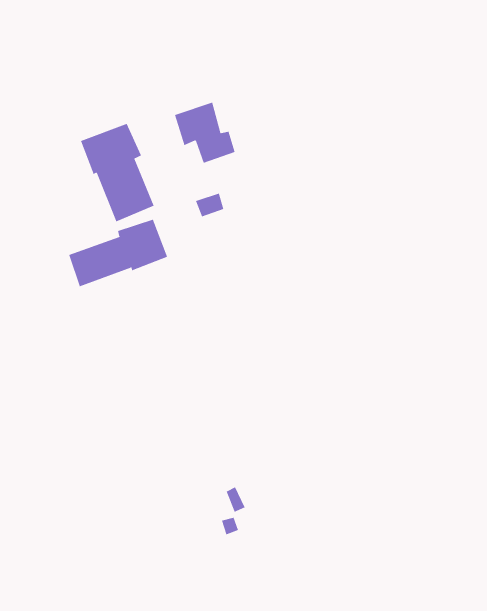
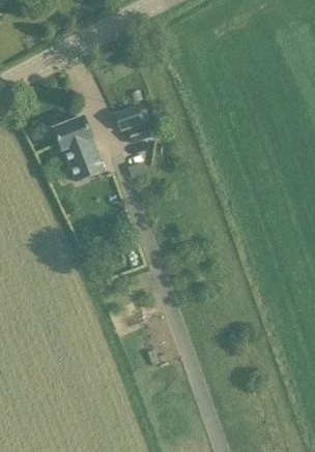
building: [68,219,168,287] -> none

